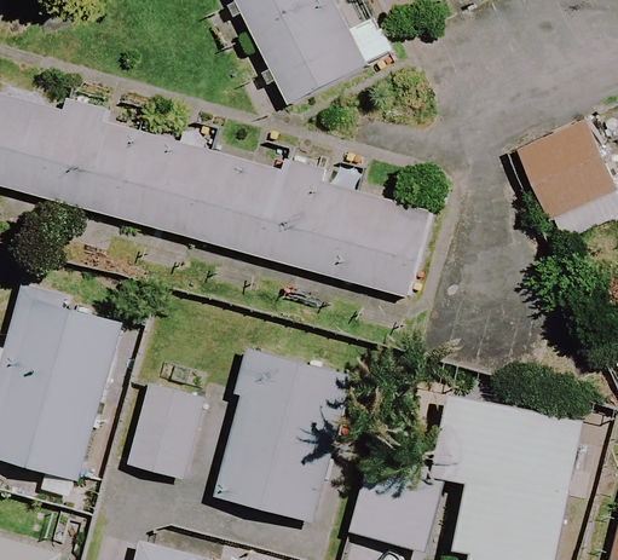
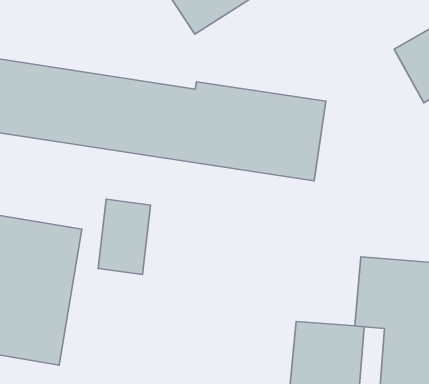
building: [215,350,348,521] -> none
building: [131,383,202,478] -> [98,199,151,274]

